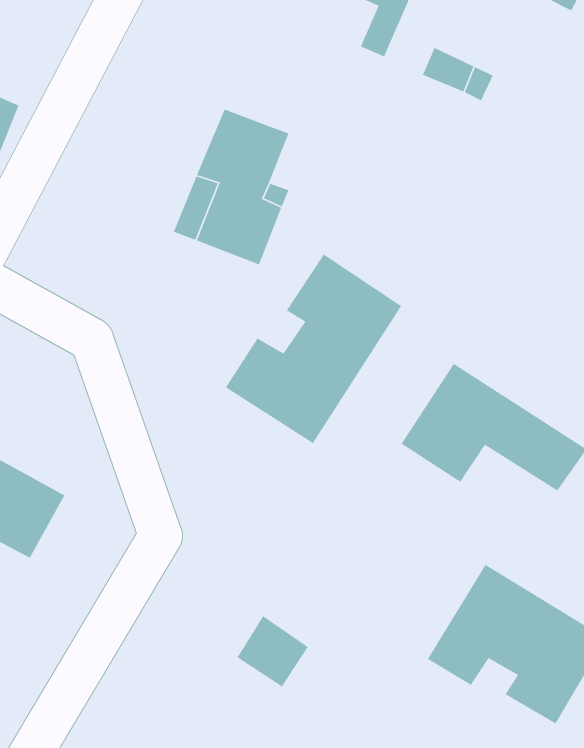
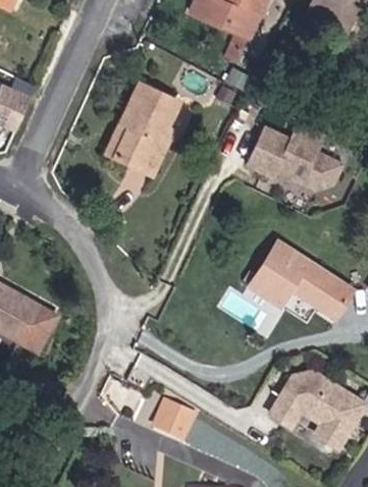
building: none -> [240,113,347,197]
building: [225,253,402,444] -> none

